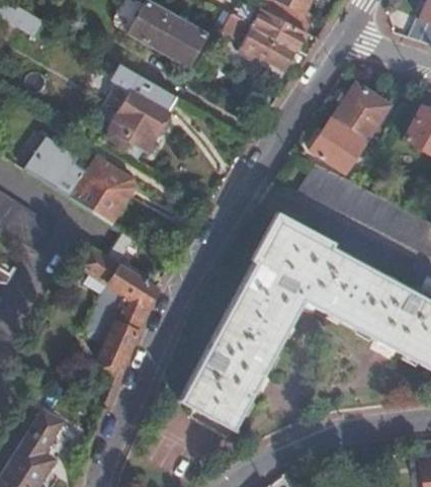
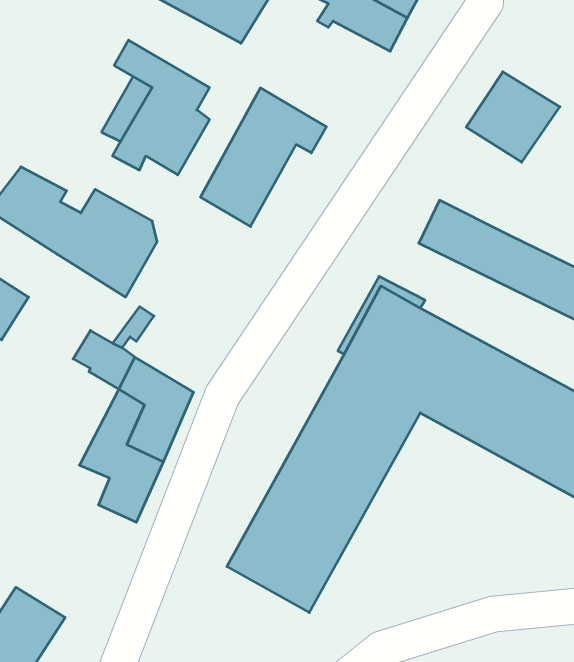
building: none -> [201,88,326,227]
building: [311,120,365,174] -> none

